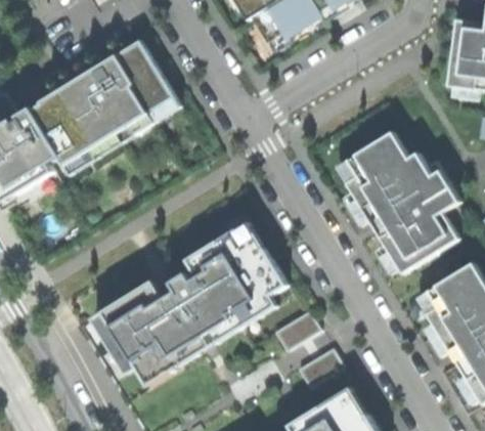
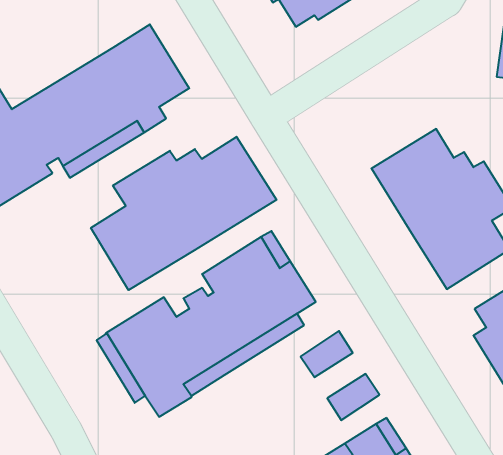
building: none -> [91,137,276,290]

